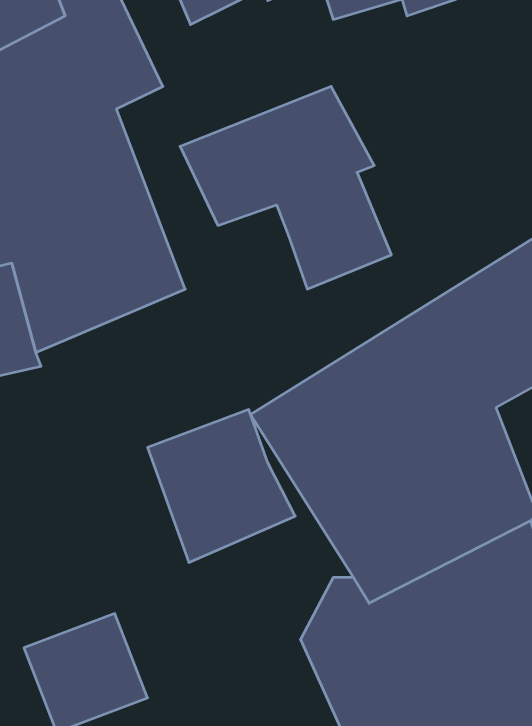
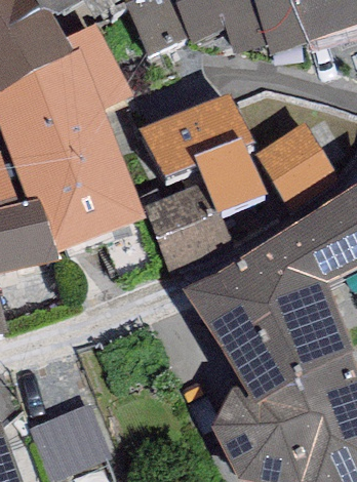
building: none -> [259,122,338,207]
building: [148,410,295,562] -> [146,184,234,275]

